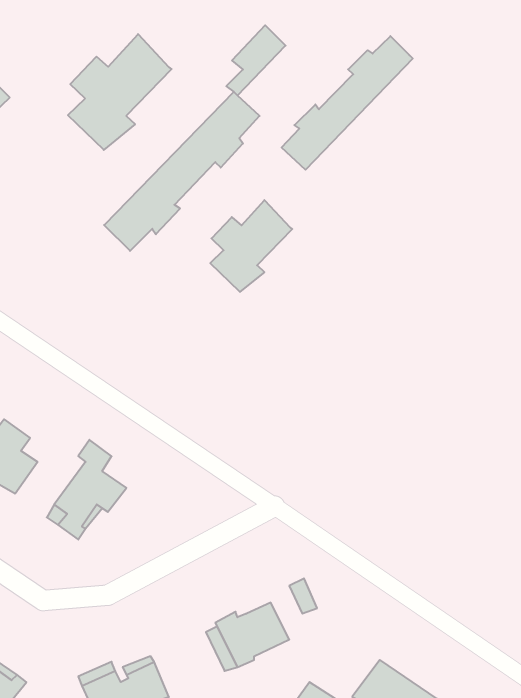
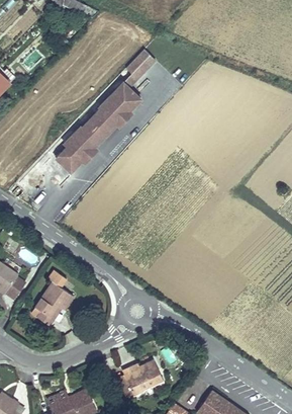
building: [68,34,172,150] -> none
building: [282,36,413,170] -> none
building: [210,200,292,292] -> none

